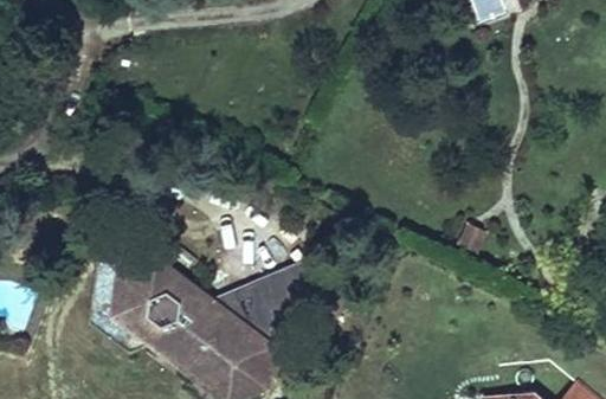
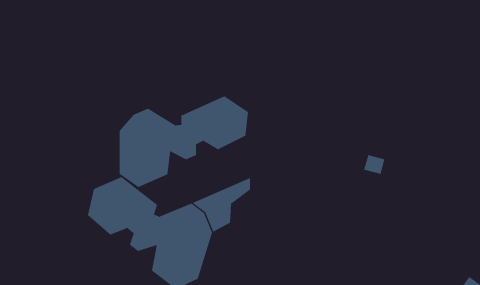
building: none -> [119,96,248,188]

